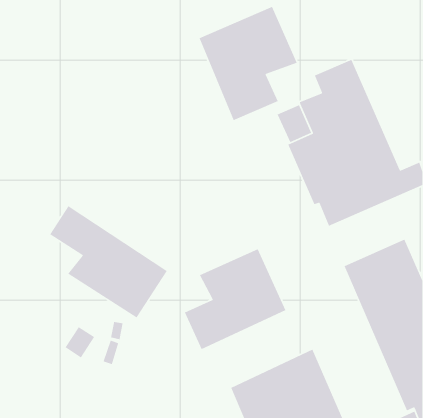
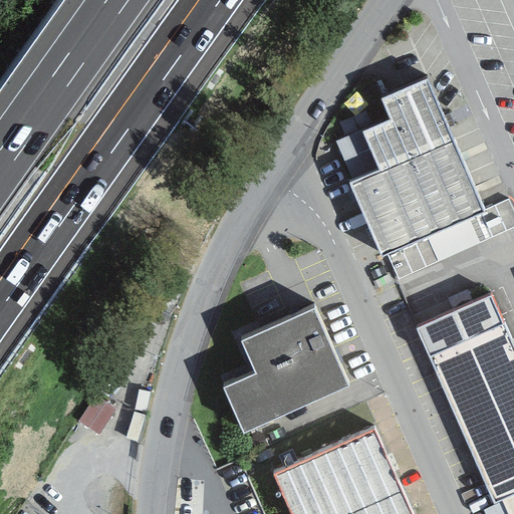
building: [198,6,298,121] -> none
building: [49,205,168,319] -> none

